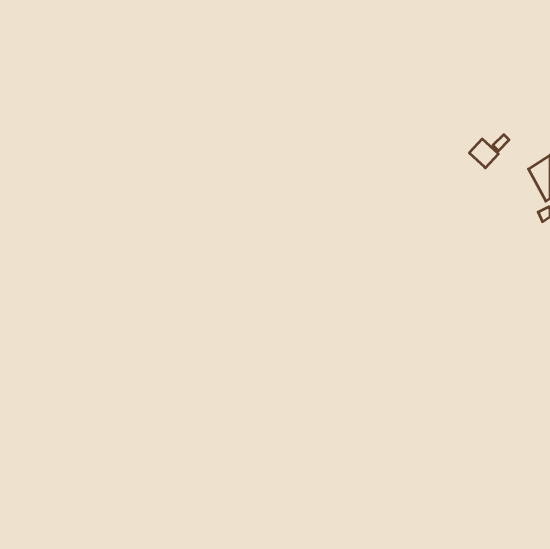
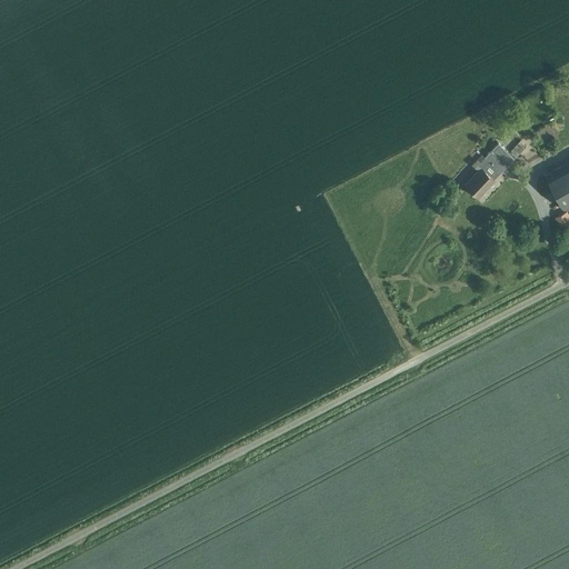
building: none -> [466,159,500,199]

